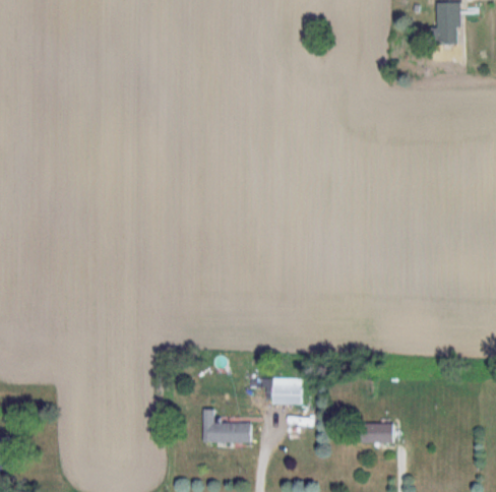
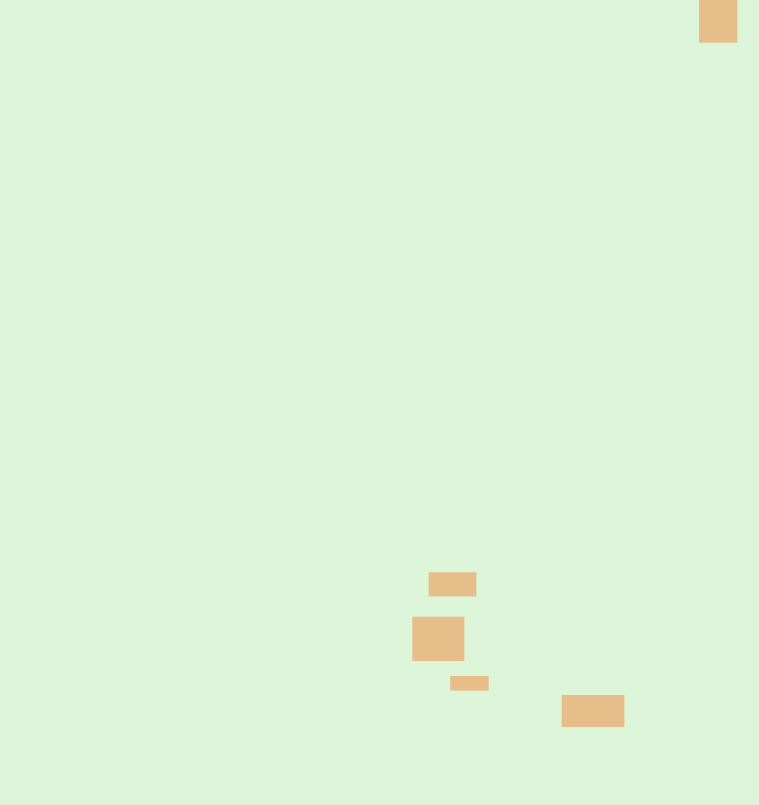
building: none -> [428,571,477,597]
building: [200,409,250,442] -> none

